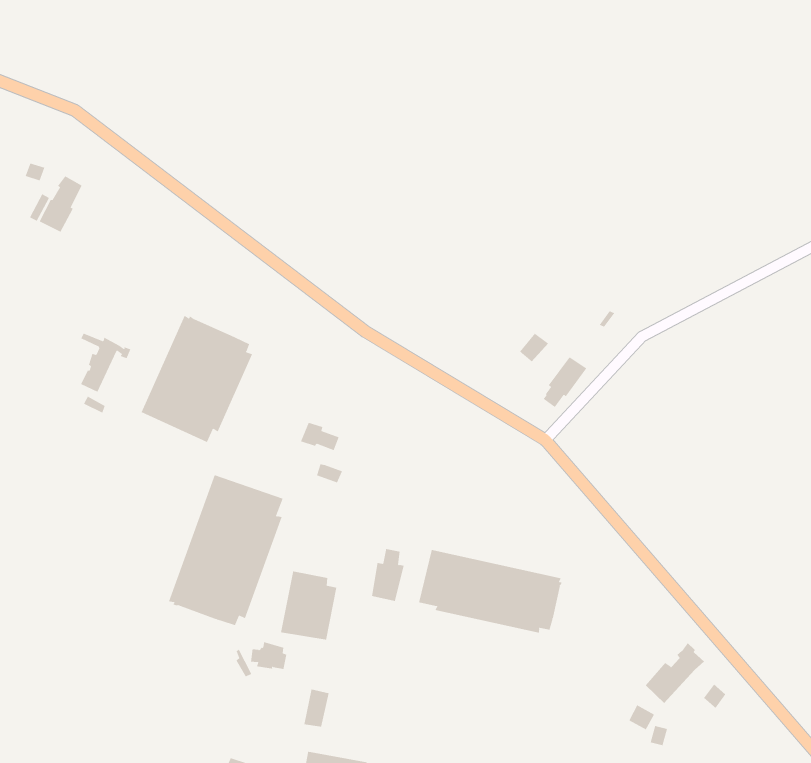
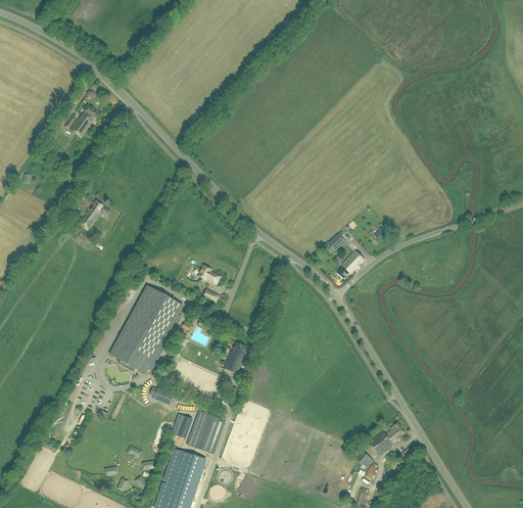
building: [141,315,253,443] -> none
building: [419,549,562,633] -> none
building: [280,571,337,640] -> [186,410,222,452]

